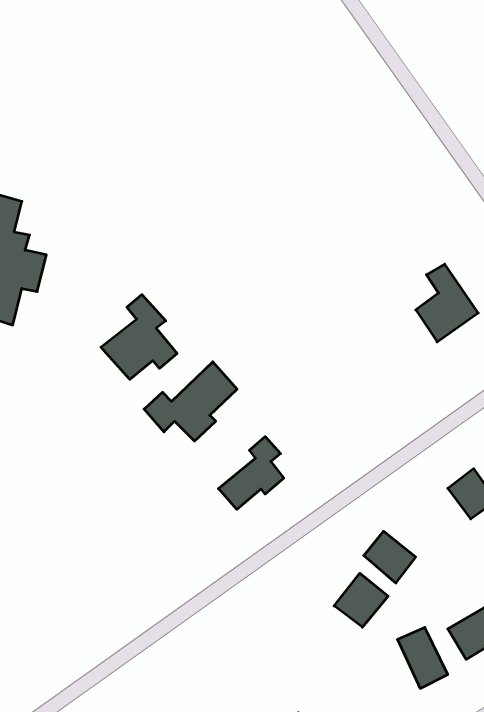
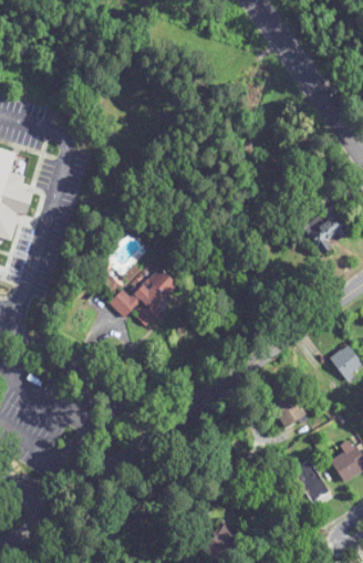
building: [101,295,177,379] -> none
building: [218,437,284,509] -> none
building: [334,573,388,627] -> none

